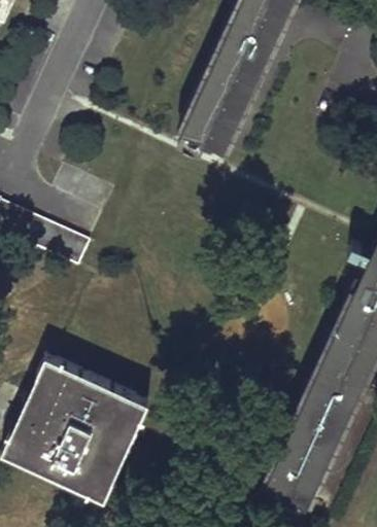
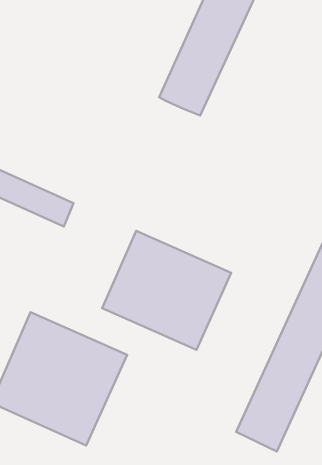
building: none -> [102,231,231,350]

